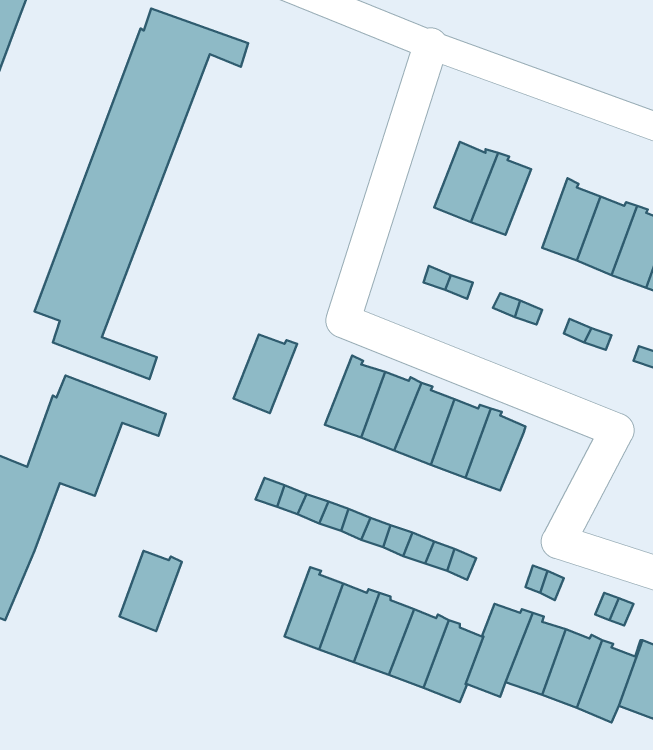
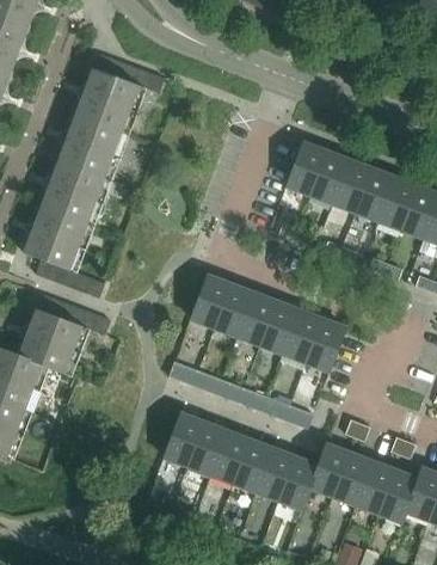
building: none -> [332,160,373,211]
building: [233,335,297,413] -> [190,276,232,327]
building: [120,551,182,631] -> [164,413,204,466]

